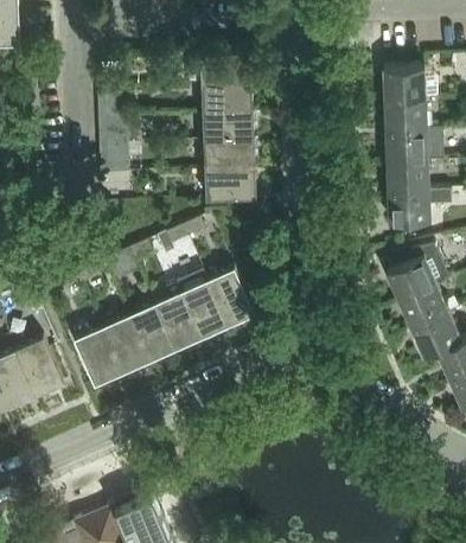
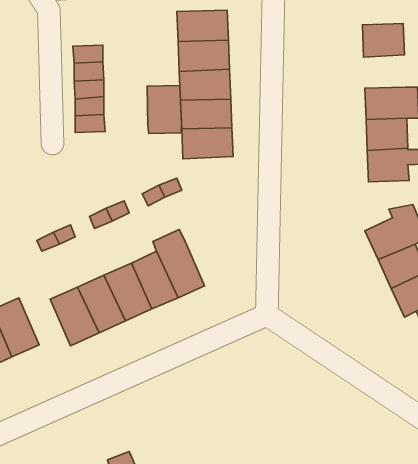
building: [385,98,427,132] -> none
building: none -> [147,85,182,134]
building: [208,269,254,327] -> none

